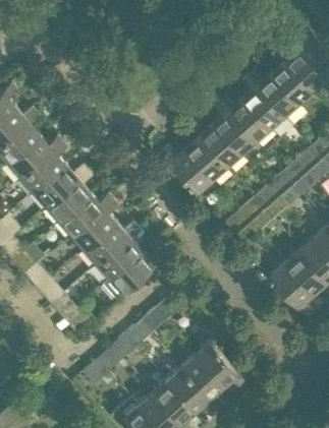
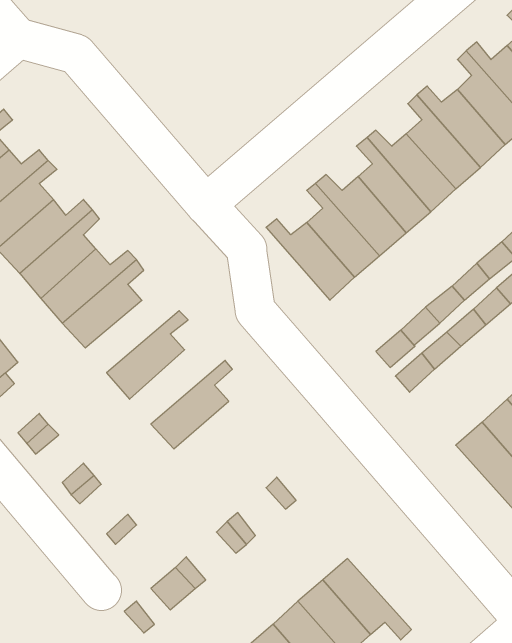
building: [58,194,112,236] -> none
building: [84,223,139,265] -> none
building: [109,252,163,295] -> none

